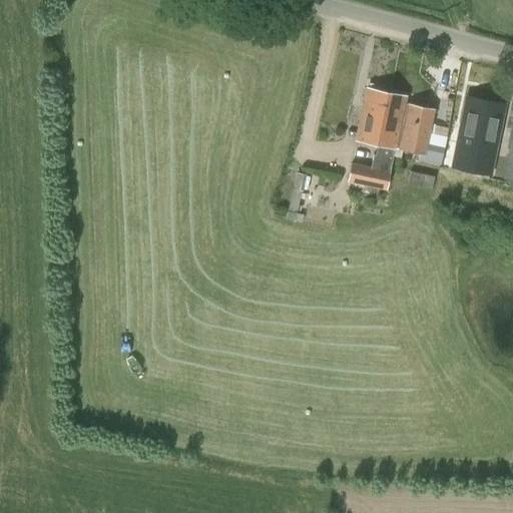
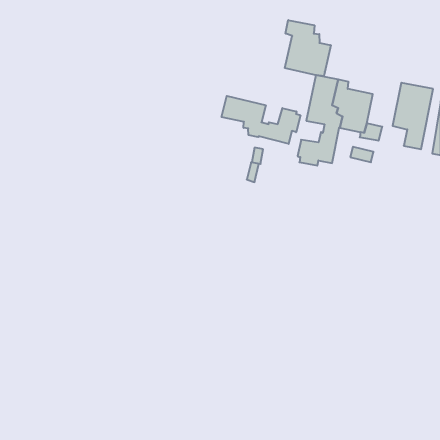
building: none -> [285,20,331,76]
building: none -> [222,96,300,144]

